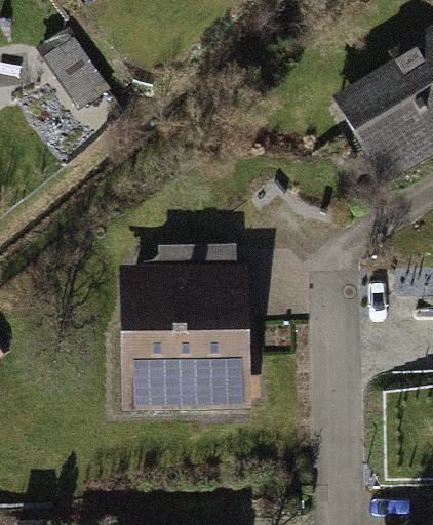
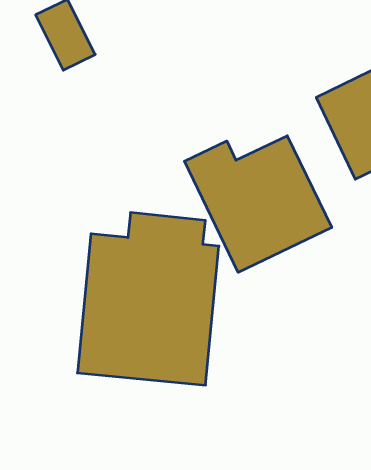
building: none -> [184,136,332,272]

